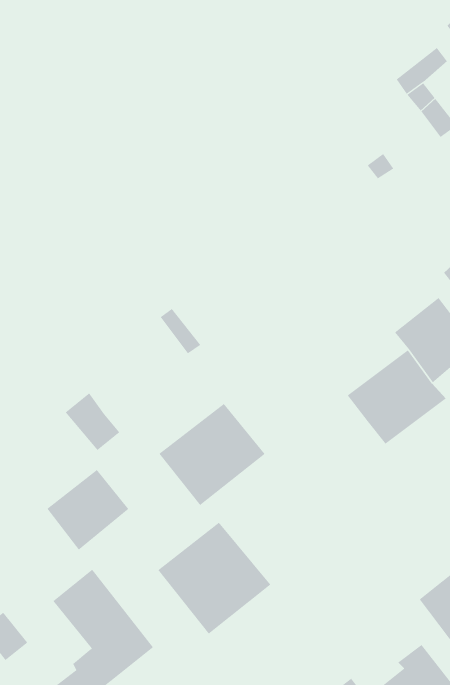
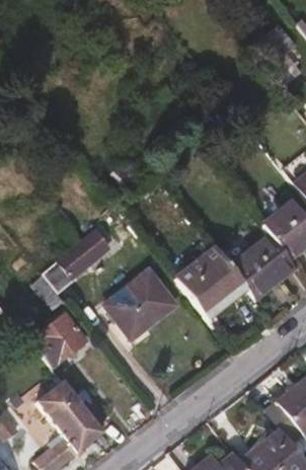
building: none -> [58,230,110,277]
building: none -> [176,246,244,313]
building: [157,522,271,634] -> none

